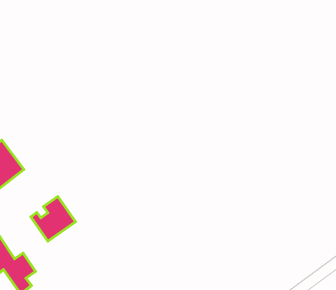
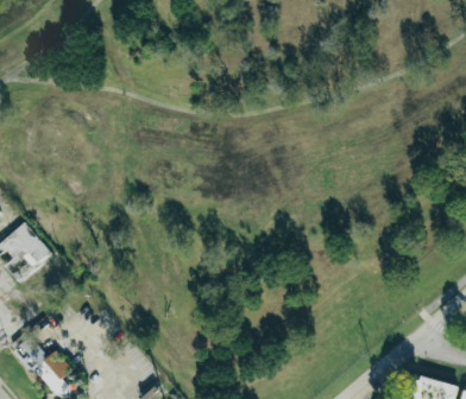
building: [31,196,75,241] -> none

